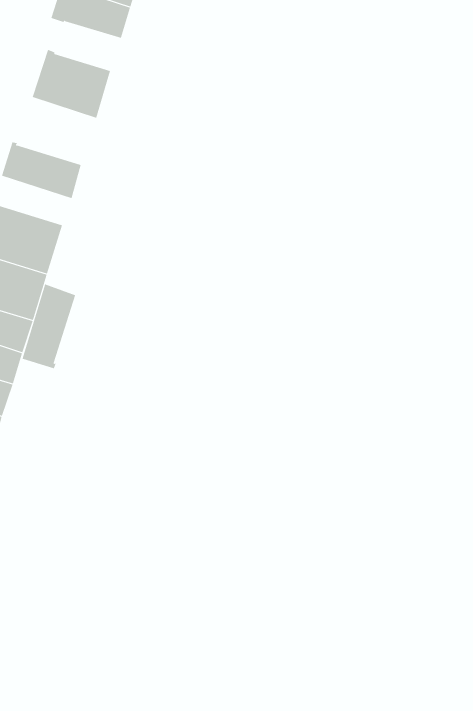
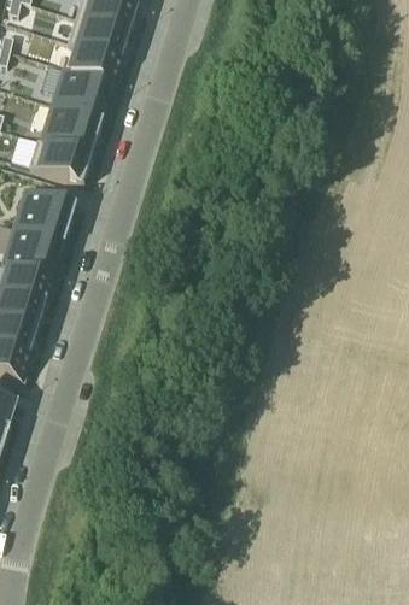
building: none -> [70,45,122,83]
building: none -> [40,104,103,157]
building: [22,283,76,369] -> none

